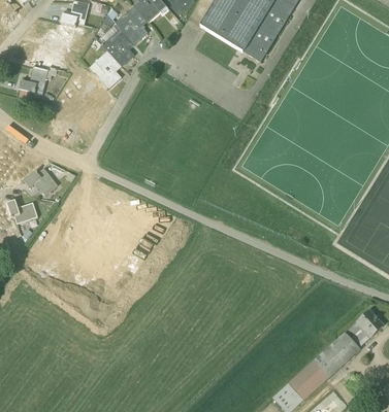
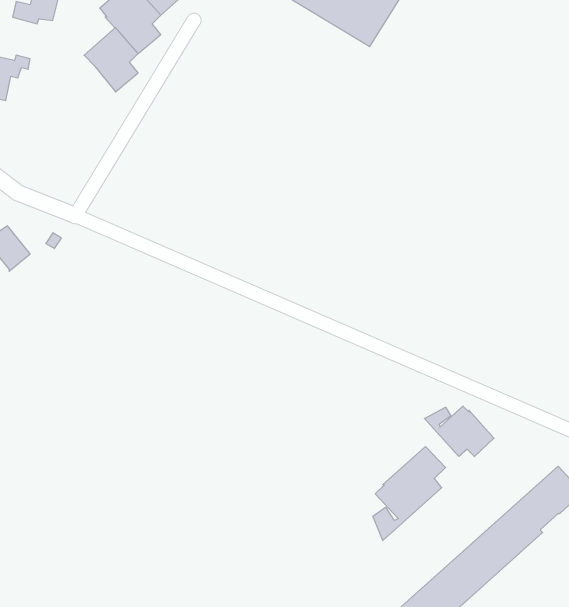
building: none -> [424,406,494,457]
building: none -> [373,447,446,541]

